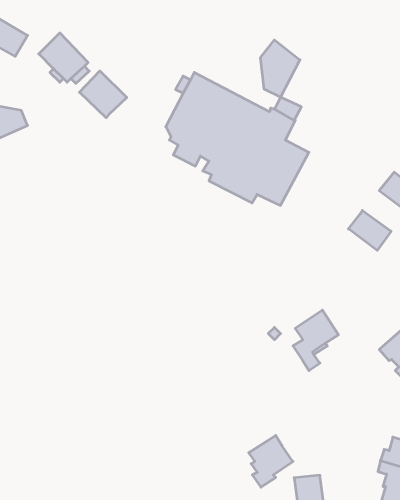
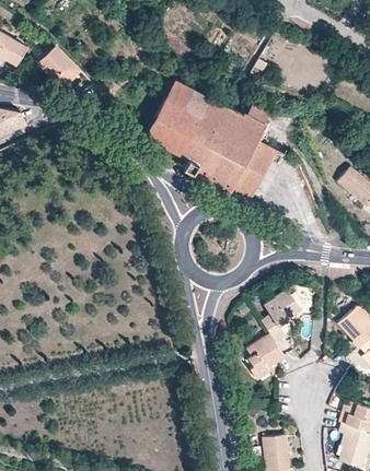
building: [261,40,300,97] -> none
building: [79,71,127,118] -> none
building: [348,210,391,250] -> none
building: [249,435,293,487] -> [246,333,286,379]

